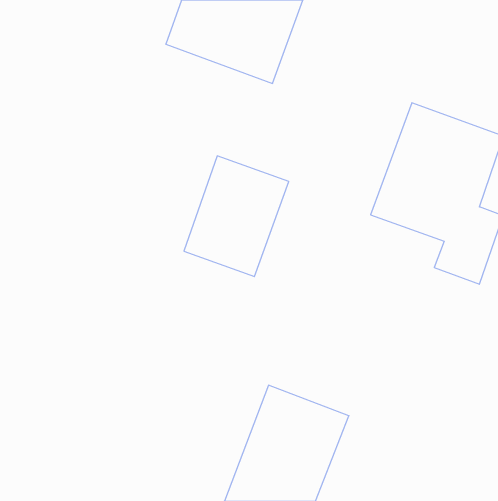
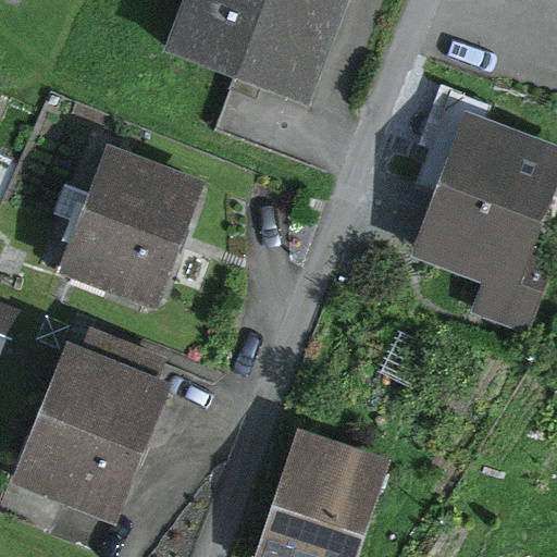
building: [184,156,289,277] -> [78,165,195,299]
building: none -> [18,364,157,534]

